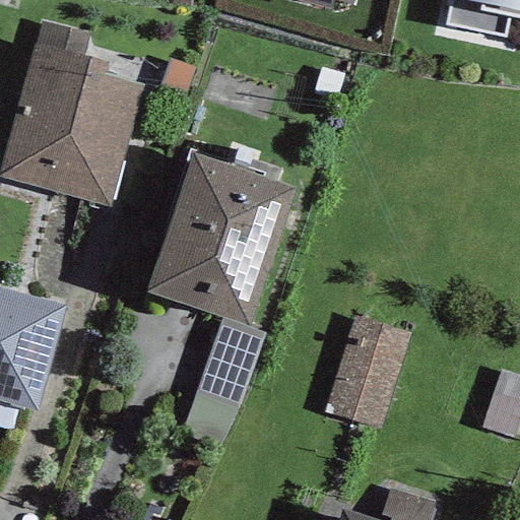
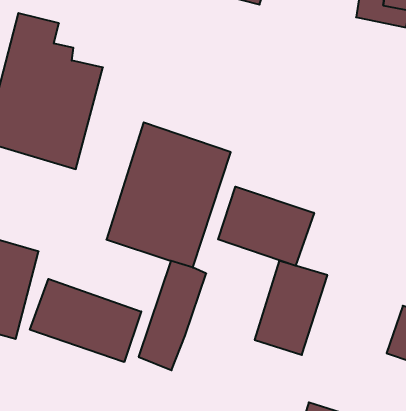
building: none -> [218,187,314,266]
building: none -> [30,279,141,362]

